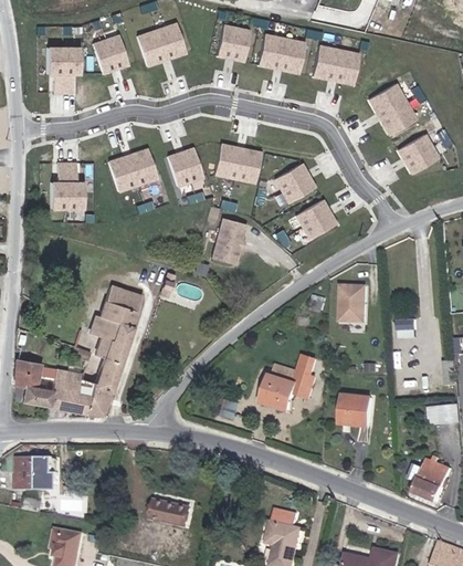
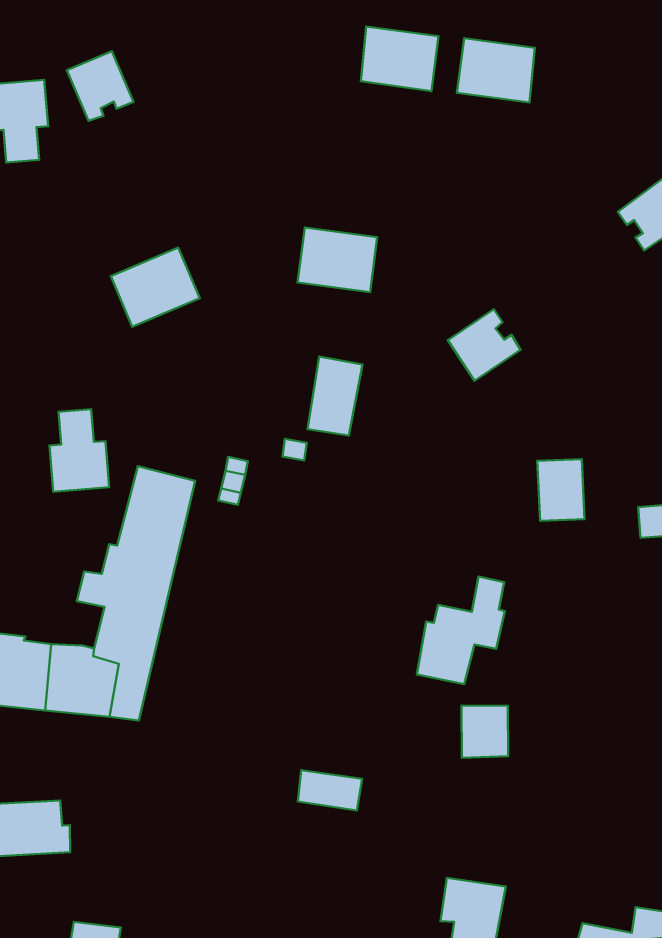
building: [136,22,186,65] -> none
building: [217,24,250,61] -> none
building: [369,83,418,134] -> none
building: [166,148,202,187] -> none
building: [275,163,316,202] -> none
building: [51,164,83,209] -> [49,409,109,492]
building: [343,396,371,427] -> [461,706,508,758]
building: [152,501,190,526] -> [298,770,362,810]

